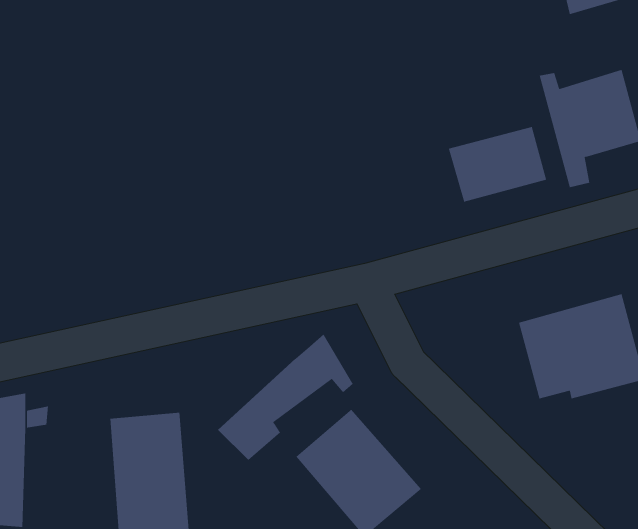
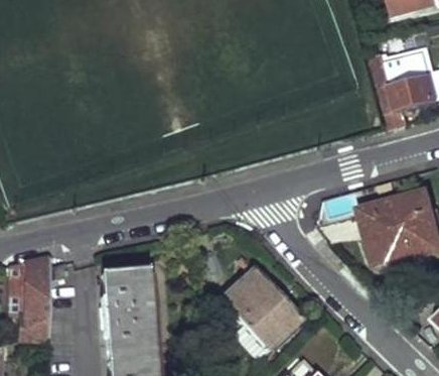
building: [448,126,547,203] -> none
building: [217,334,354,461] -> none

